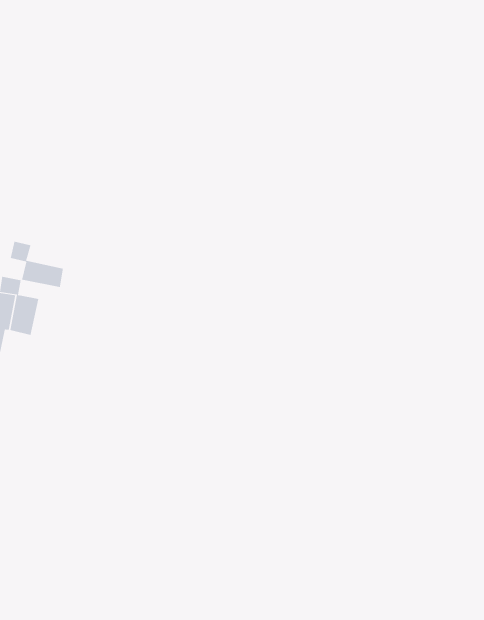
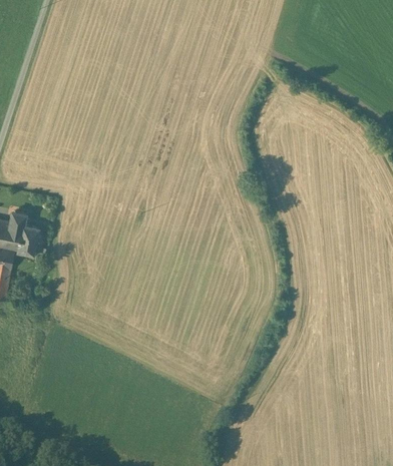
building: [10,241,63,288] -> none

